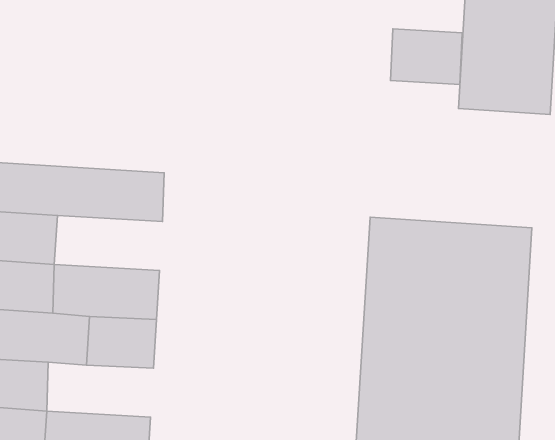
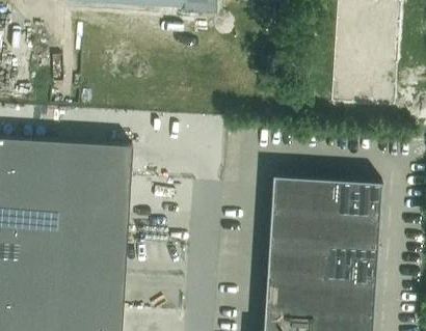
building: [391,29,462,85] -> none
building: none -> [56,175,130,213]
building: none -> [51,275,124,312]

